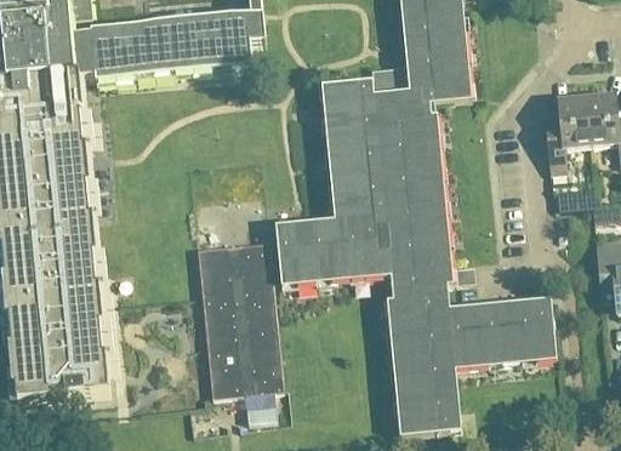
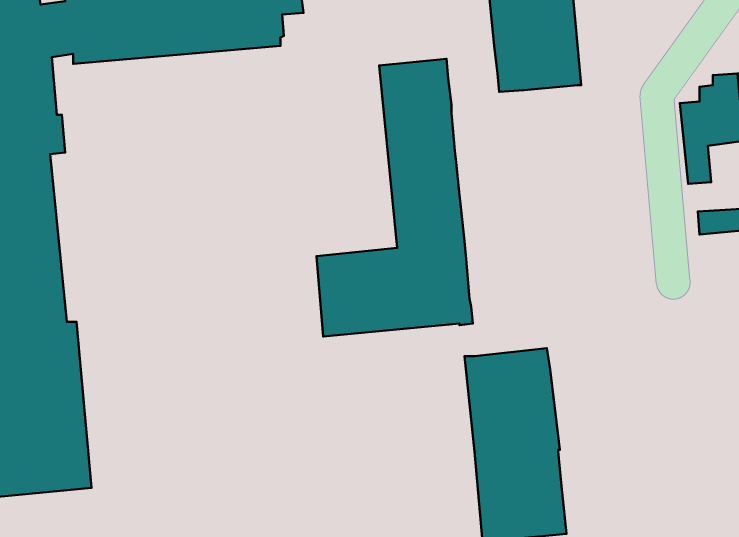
building: [371,68,454,297] -> none
building: [196,244,279,405] -> none
building: [449,296,557,367] -> none

